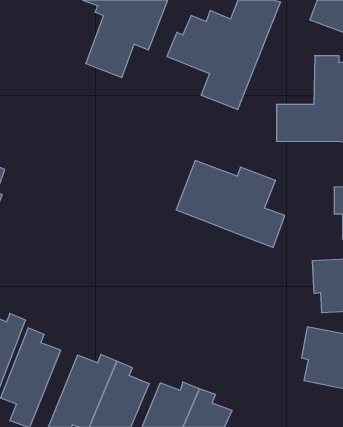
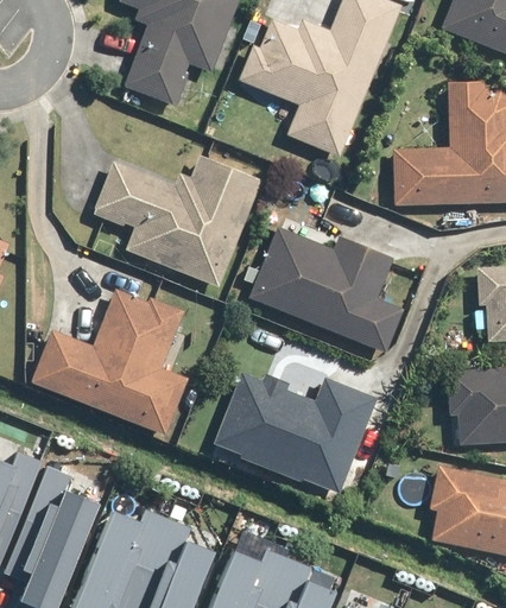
building: none -> [89,152,264,289]
building: none -> [29,284,190,435]
building: none -> [215,374,378,492]

